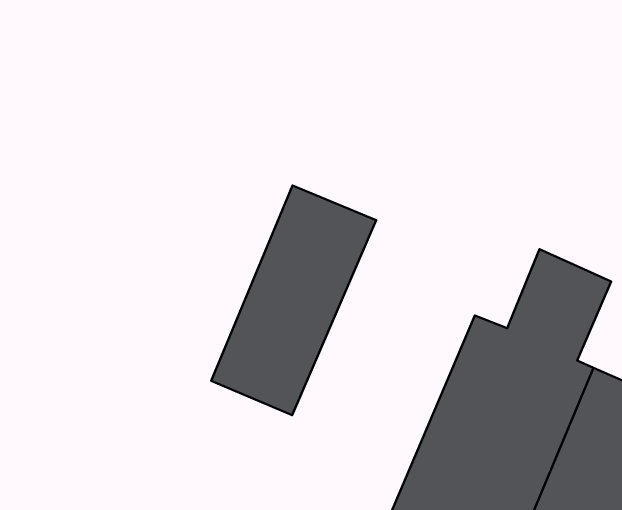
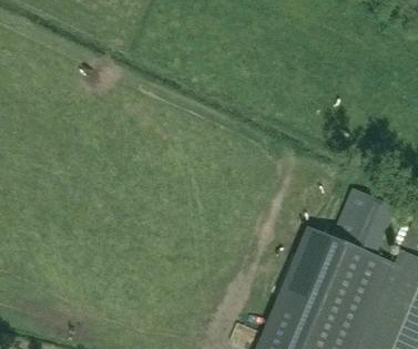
building: [211,186,376,415] -> none

